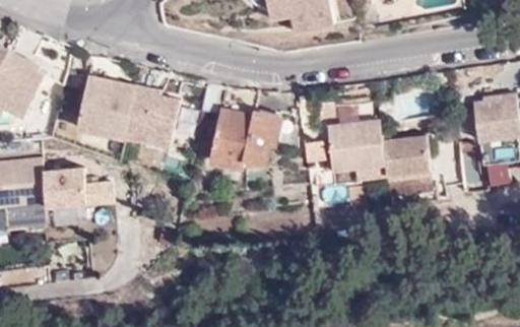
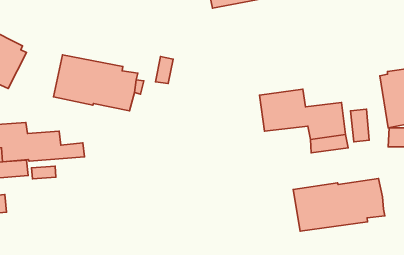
building: [213,85,280,162] -> none
building: none -> [293,178,385,231]

